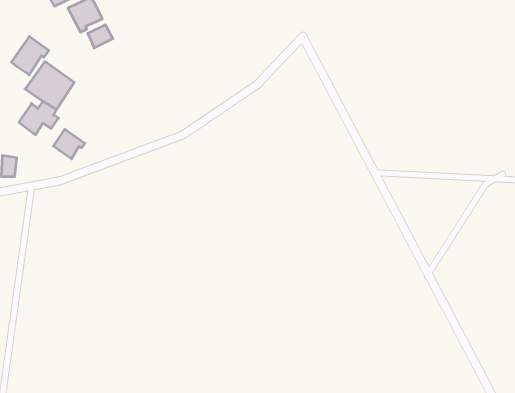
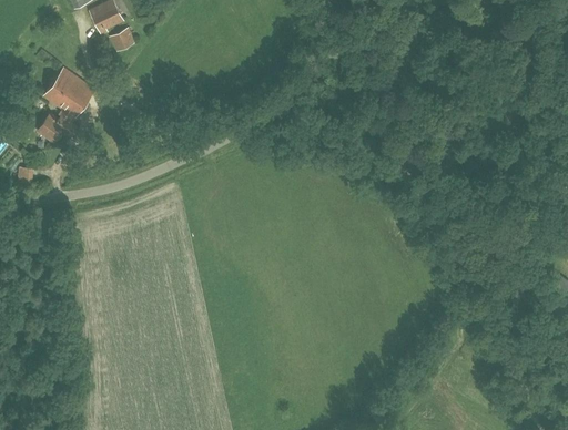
building: [11,36,49,75] -> none
building: [53,129,85,159] -> none

